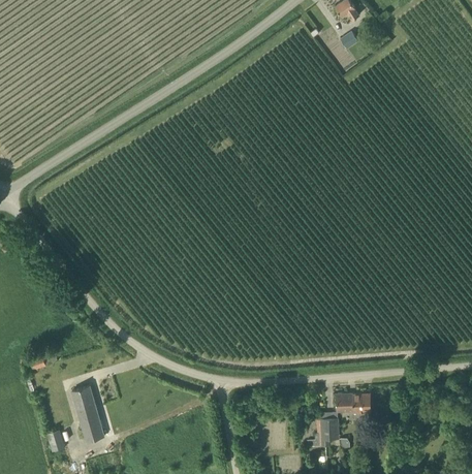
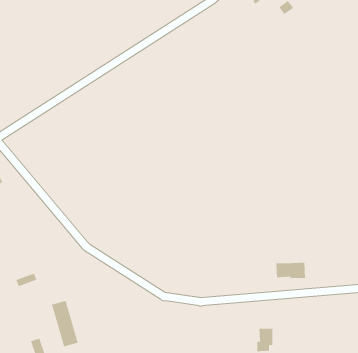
building: [336,392,372,412] -> [275,262,306,279]

